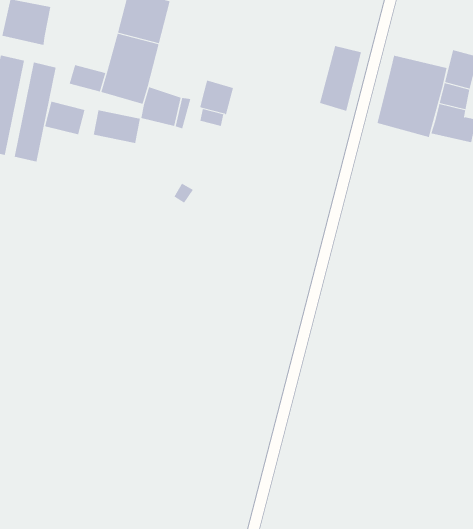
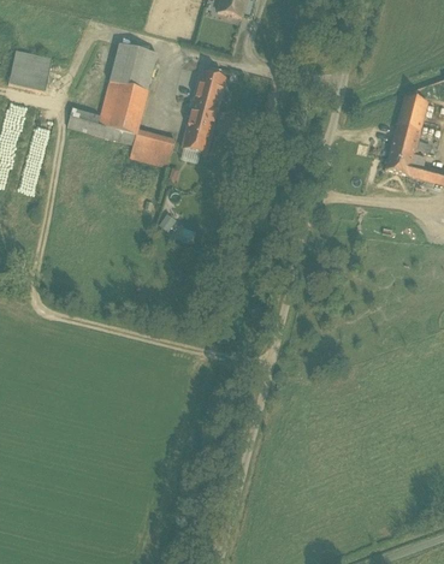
building: [319,45,362,111] -> [188,71,225,129]
building: [377,55,447,138] -> none
building: [44,101,85,135] -> none
building: [93,110,140,144] -> none

